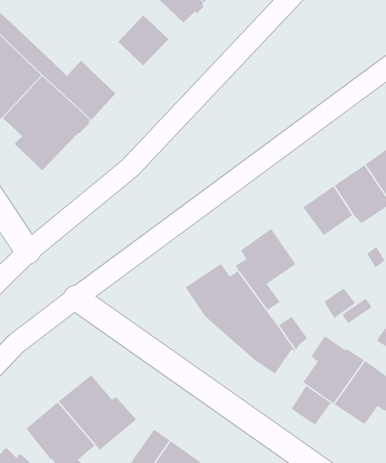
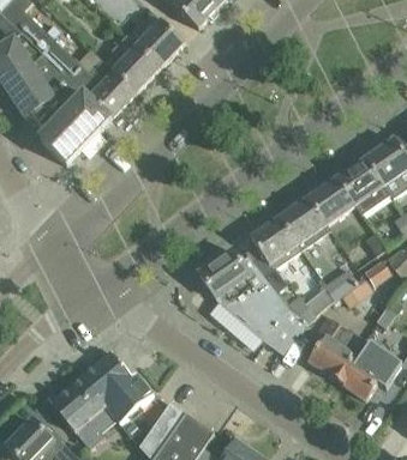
building: none -> [112,36,160,92]
building: none -> [279,198,329,248]
building: [291,385,331,426] -> none

